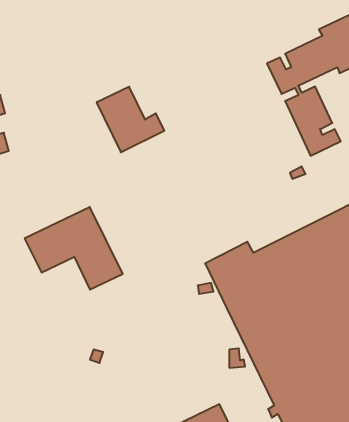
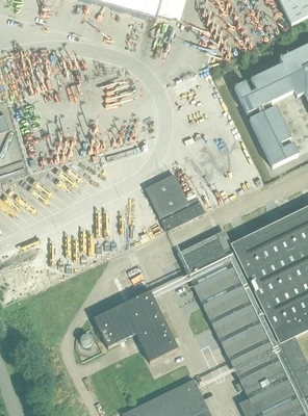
building: [97,87,164,152] -> [146,174,204,230]
building: [25,207,123,290] -> [94,290,178,361]

